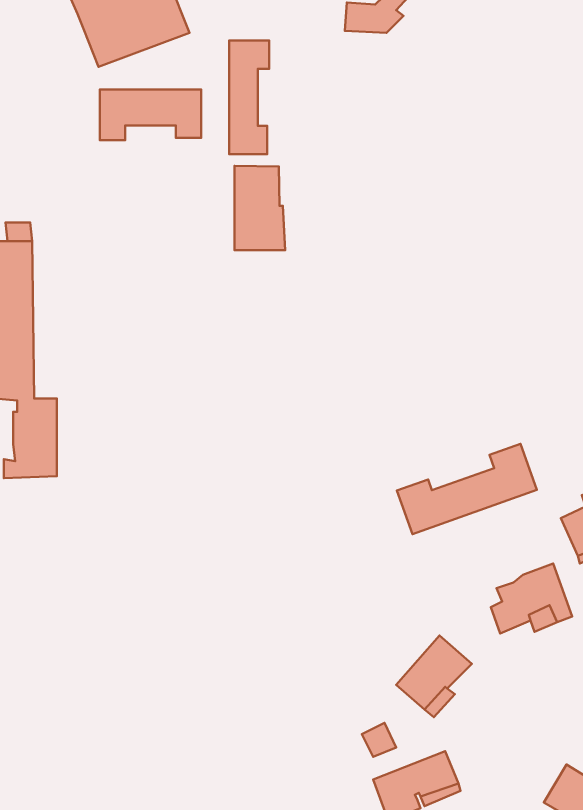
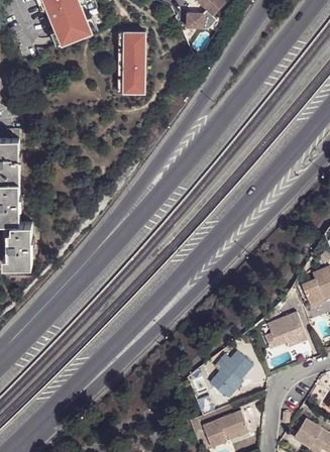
building: [100,89,201,140] -> none
building: [234,166,285,250] -> none
building: [397,444,537,534] -> none

